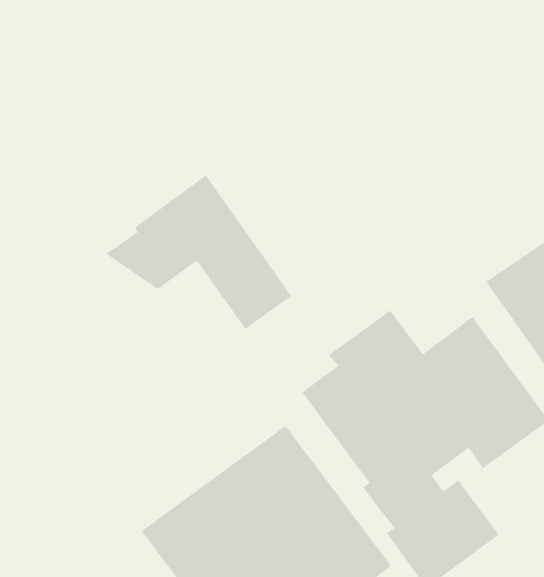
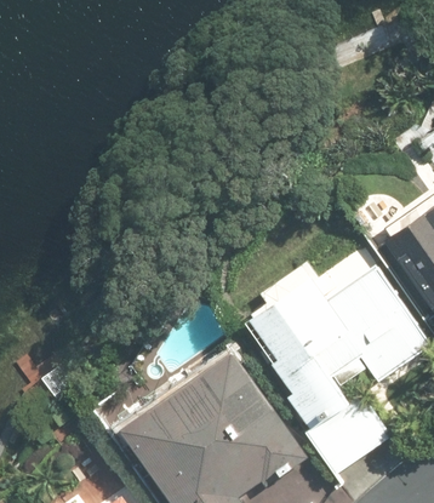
building: [105,175,292,330] -> none

